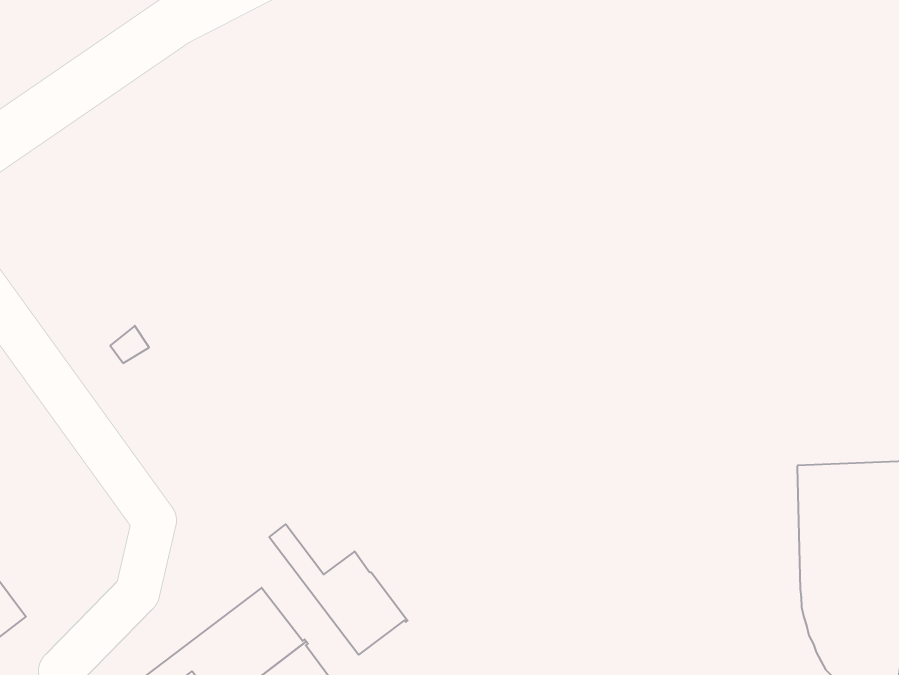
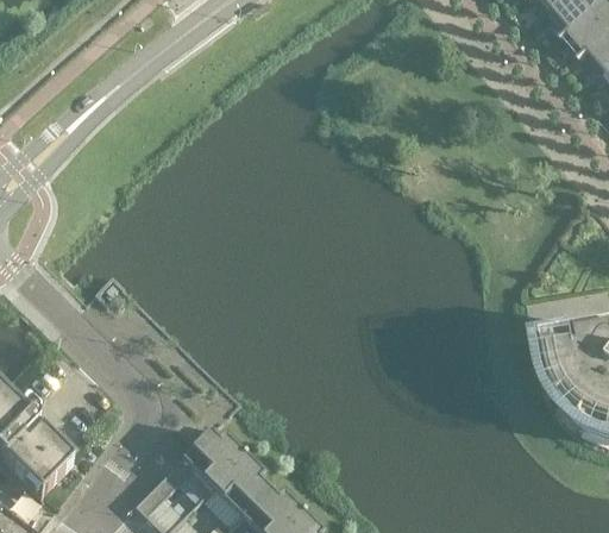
building: [269,524,408,655] -> none

